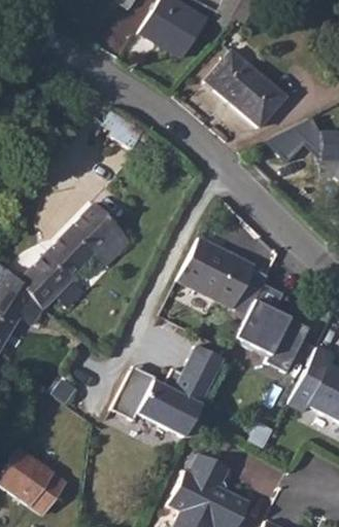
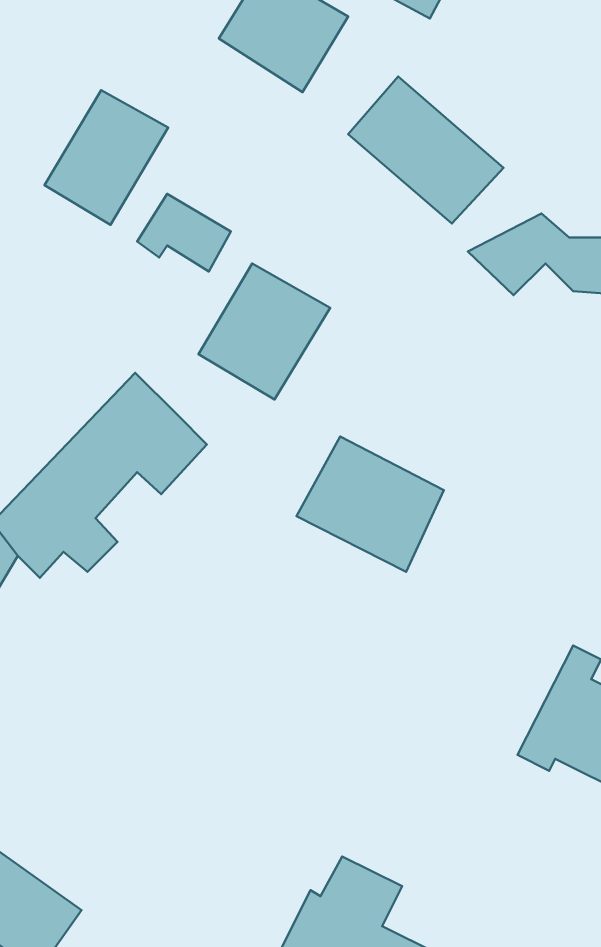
building: none -> [44,90,168,225]
building: none -> [198,263,330,399]
building: [237,279,312,367] -> none
building: [112,349,224,441] -> none

